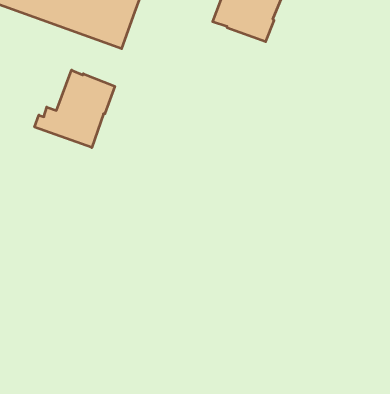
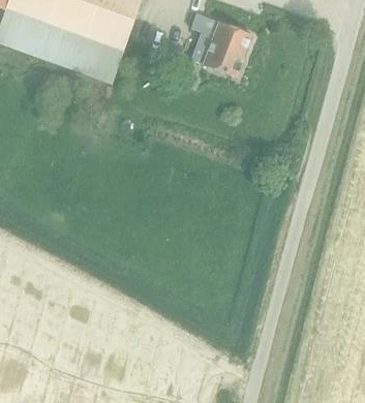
building: [35,70,115,148] -> none

